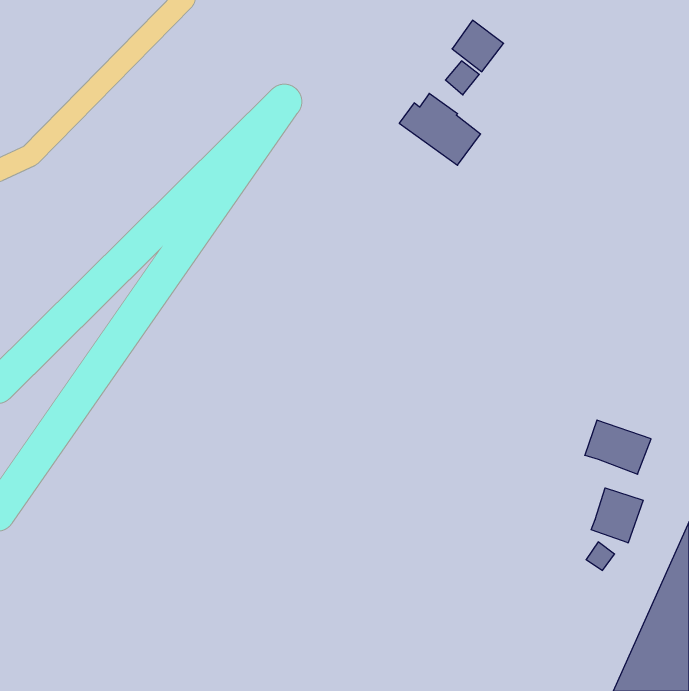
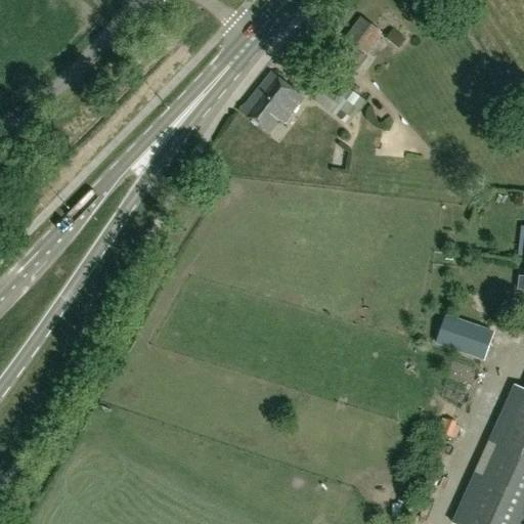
building: none -> [237,72,301,133]
building: [591,488,643,543] -> none

